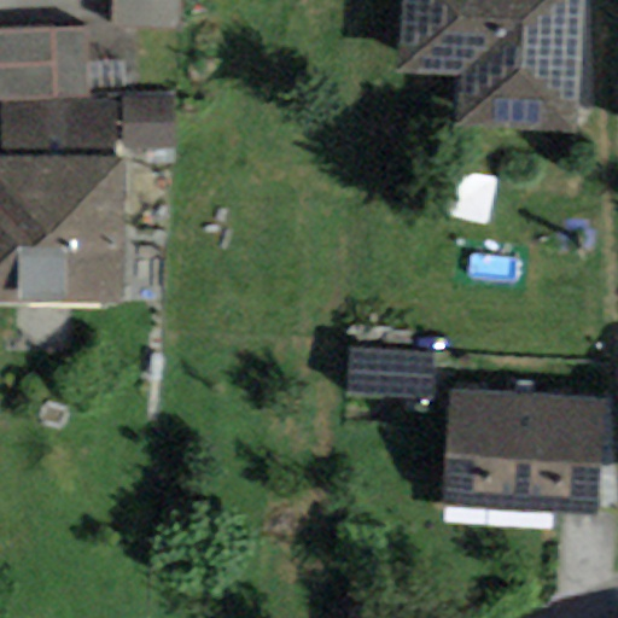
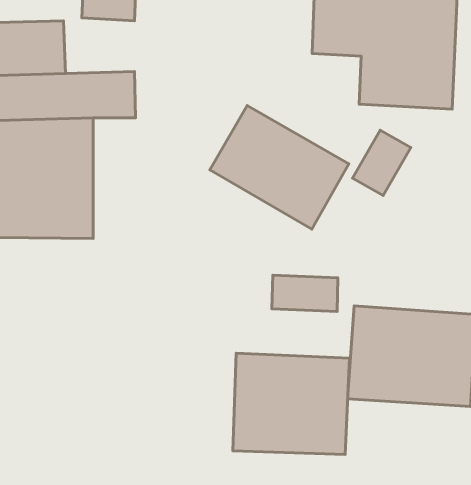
building: none -> [210,106,349,229]
building: none -> [233,353,349,455]

